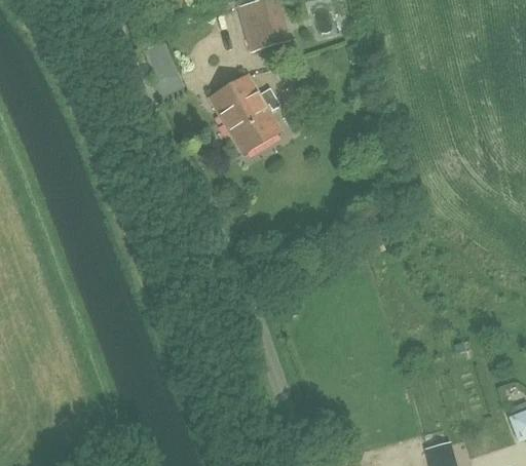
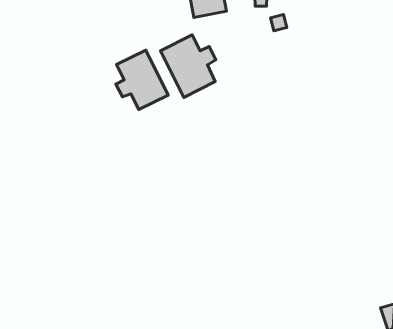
building: none -> [116,50,168,110]

